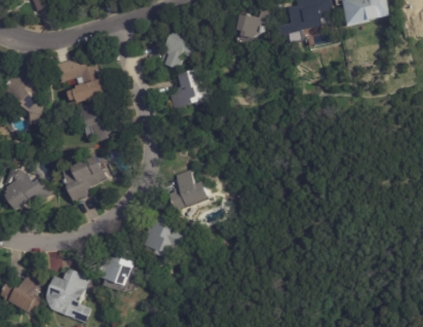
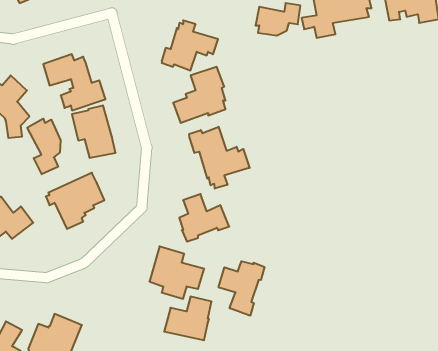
building: none -> [27,119,61,174]
building: none -> [189,127,250,189]
building: none -> [219,261,264,316]
building: [97,249,136,285] -> [164,297,212,340]

